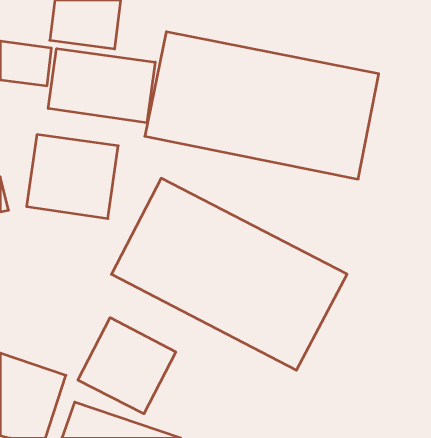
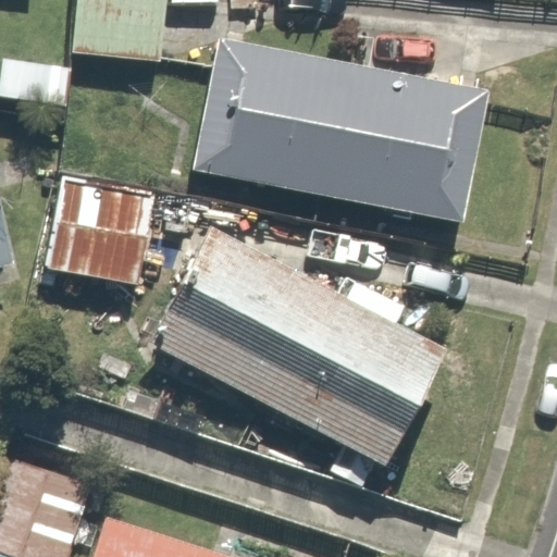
building: [48,49,155,123] -> none
building: [78,318,176,414] -> none

